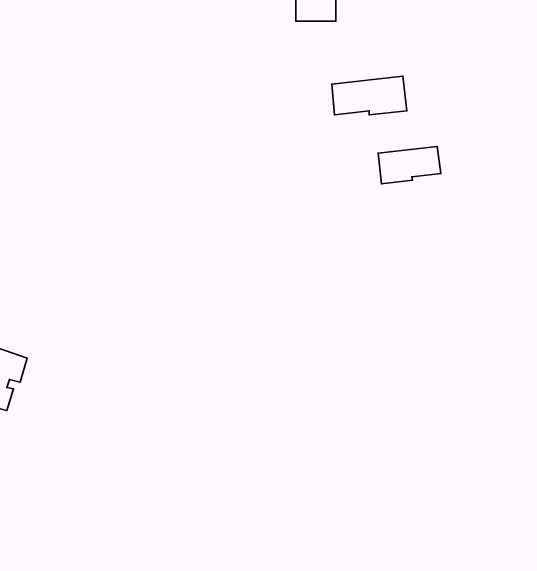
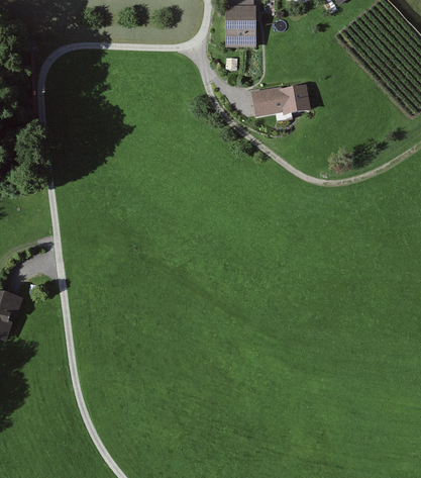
building: [378,147,441,184] -> none

